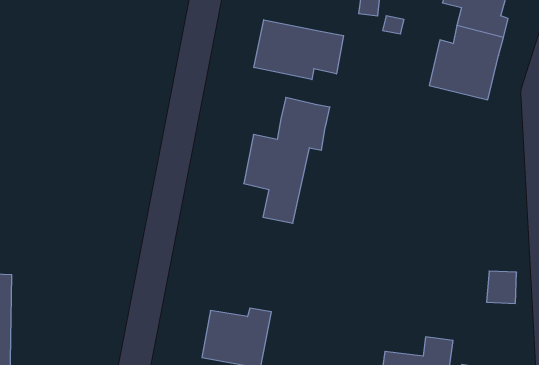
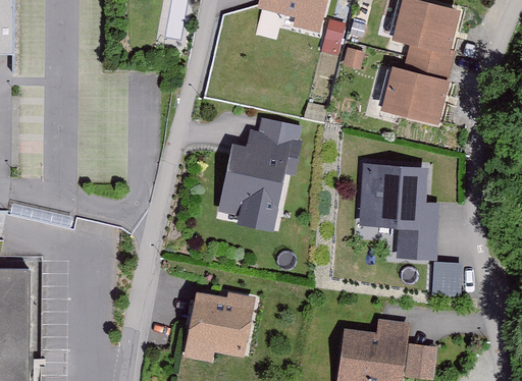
building: [254,20,344,80] -> none
building: none -> [364,167,434,256]

